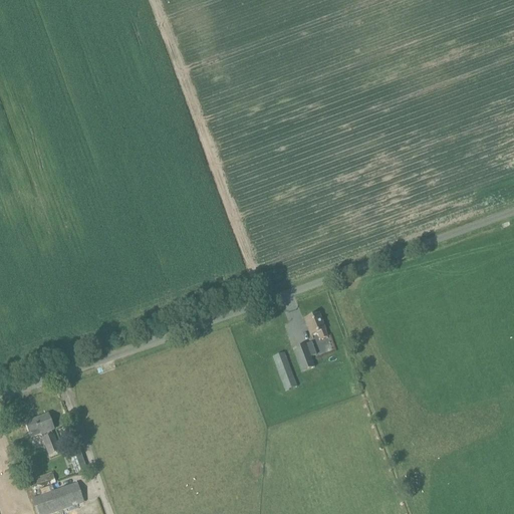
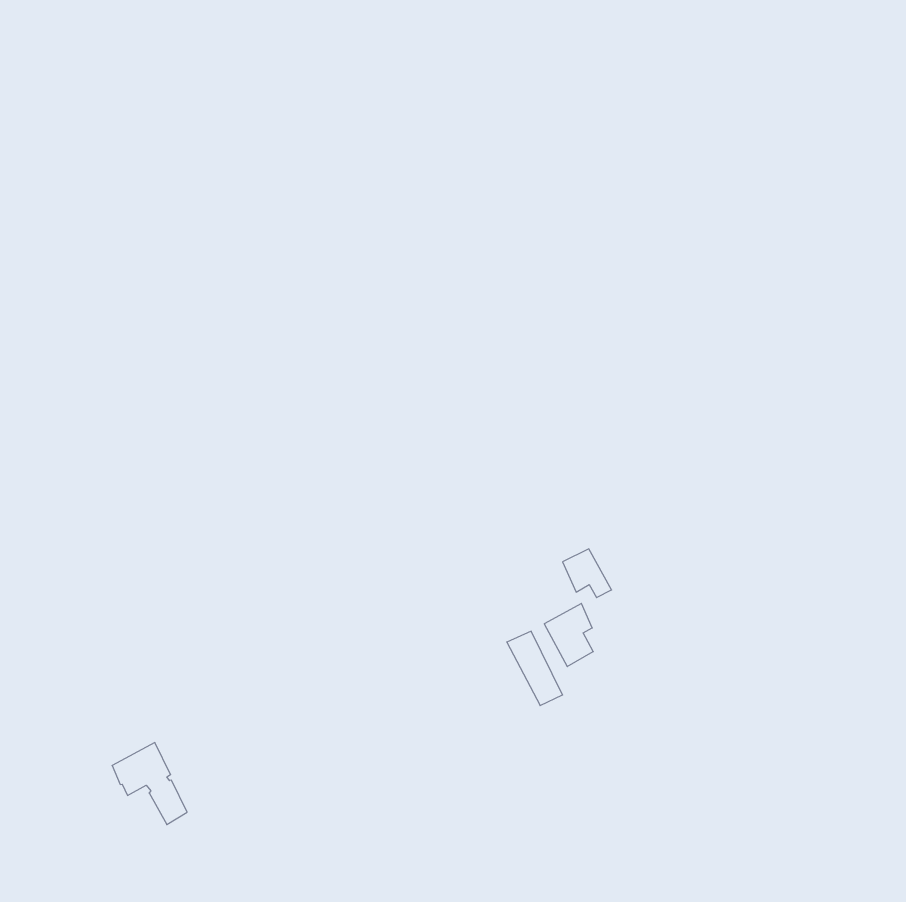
building: [25,413,60,455] -> [112,743,187,825]

